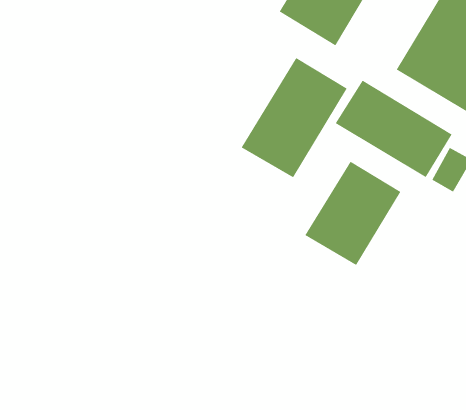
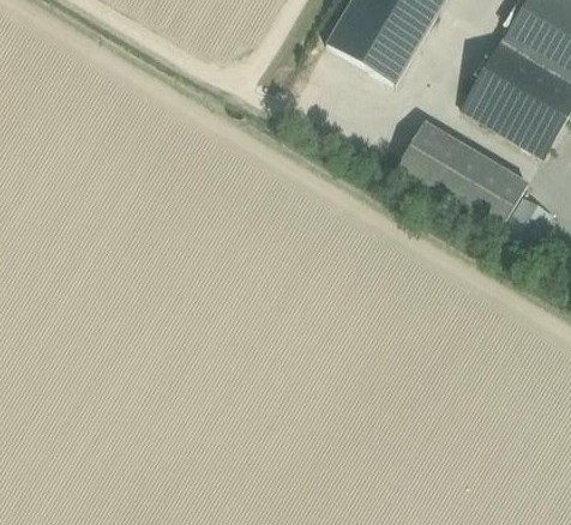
building: [241,57,348,178] -> none
building: [305,161,401,266] -> none

